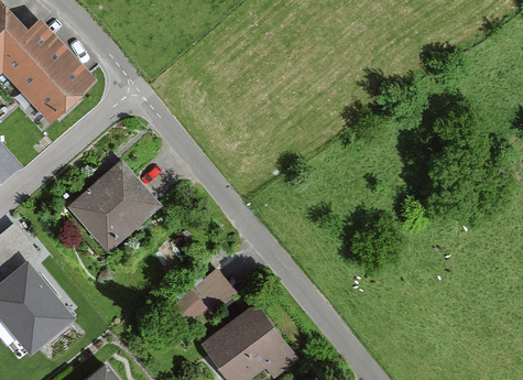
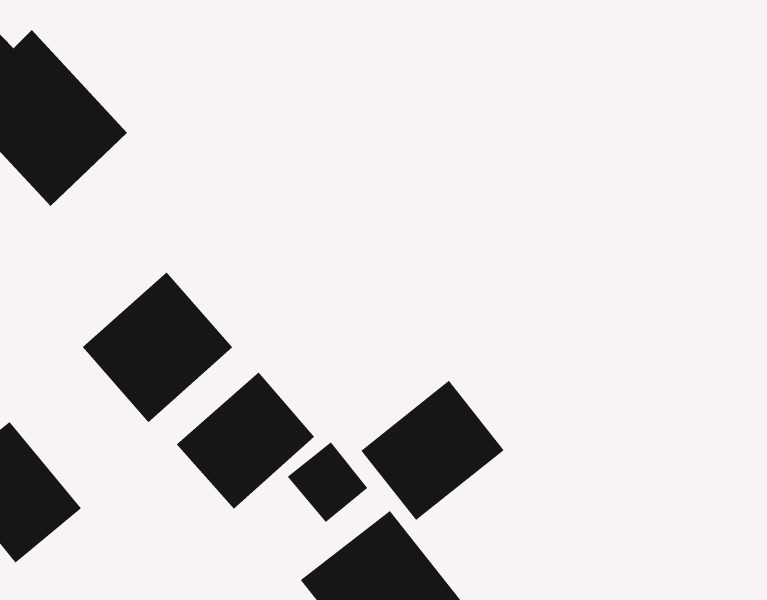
building: none -> [176,372,315,509]
building: none -> [361,380,504,521]

